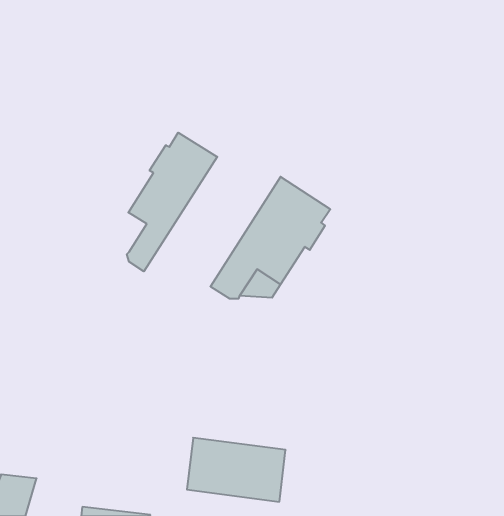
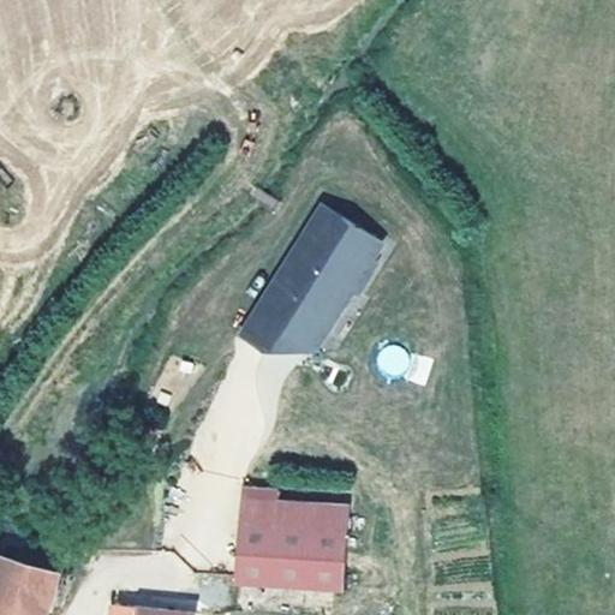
building: [127,133,217,271] -> none
building: none -> [228,492,340,532]

